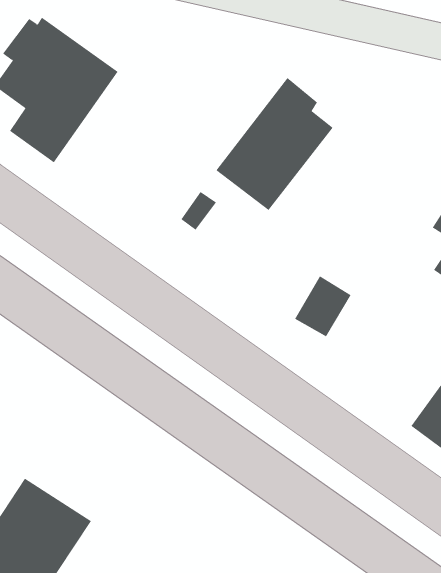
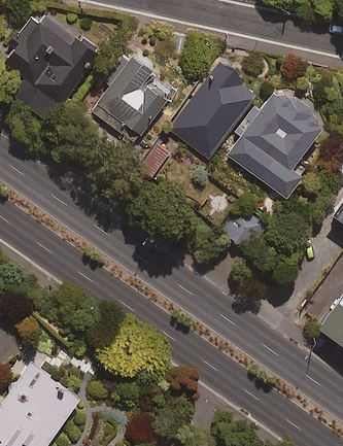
building: none -> [93,62,166,146]
building: none -> [227,94,322,204]

